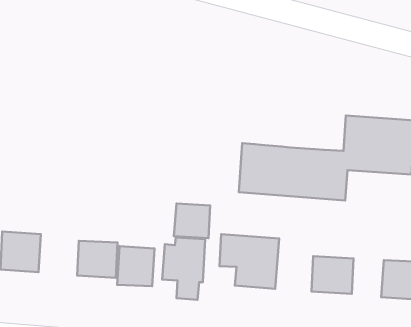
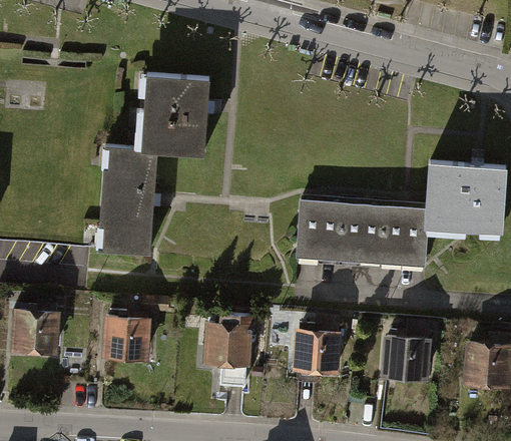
building: none -> [99,72,208,251]
building: [174,203,210,238] -> none
building: [117,246,154,286] -> none

